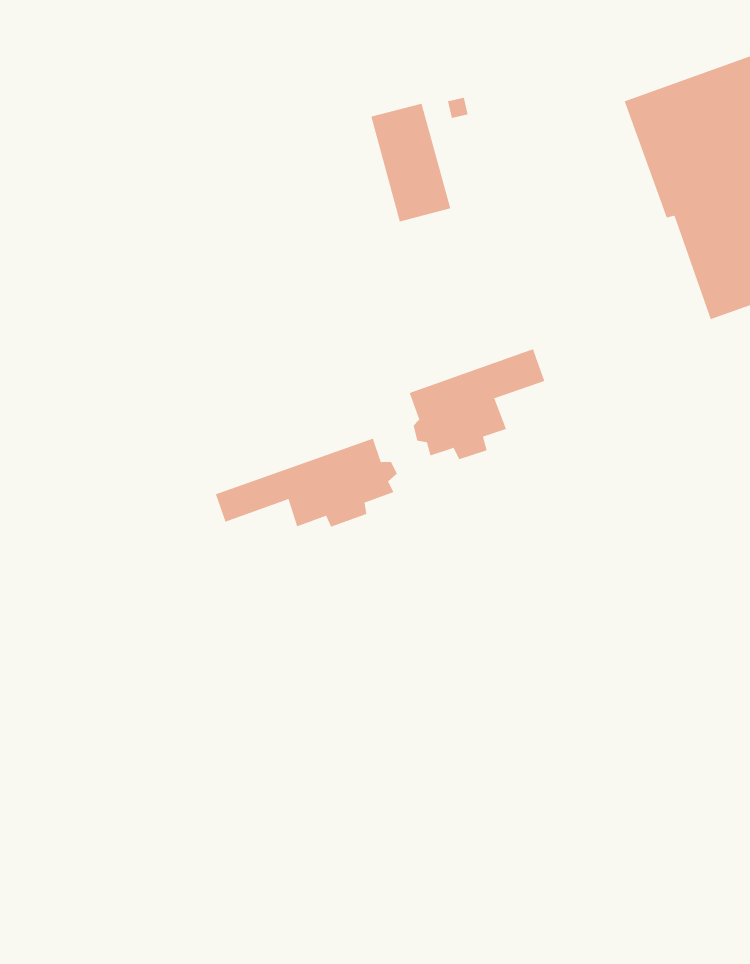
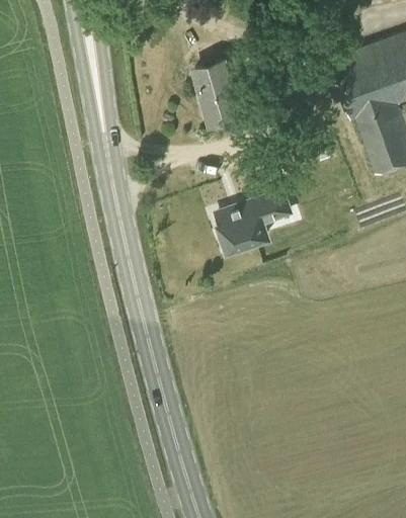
building: [215,438,397,528] -> none

